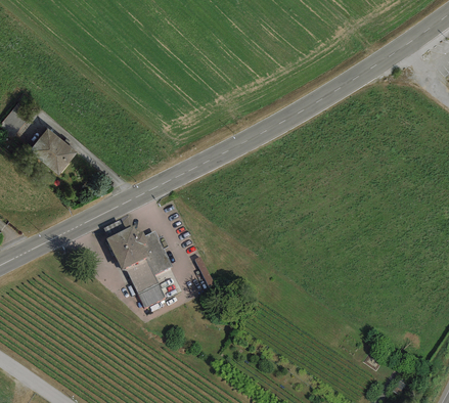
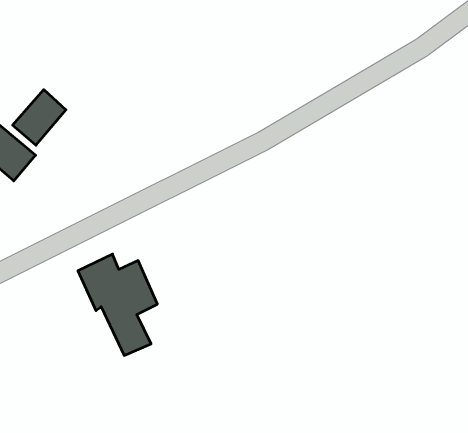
building: none -> [13,90,66,145]

